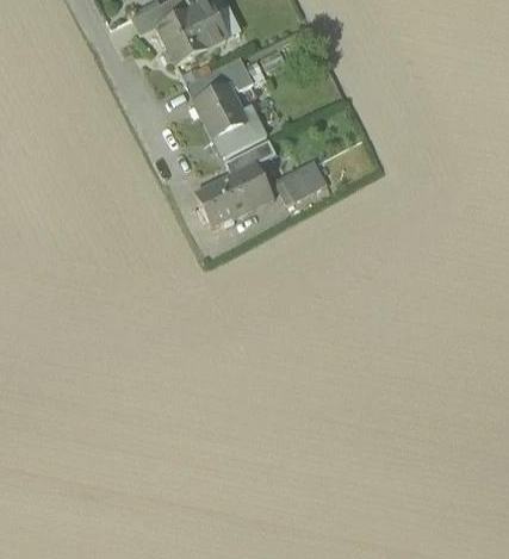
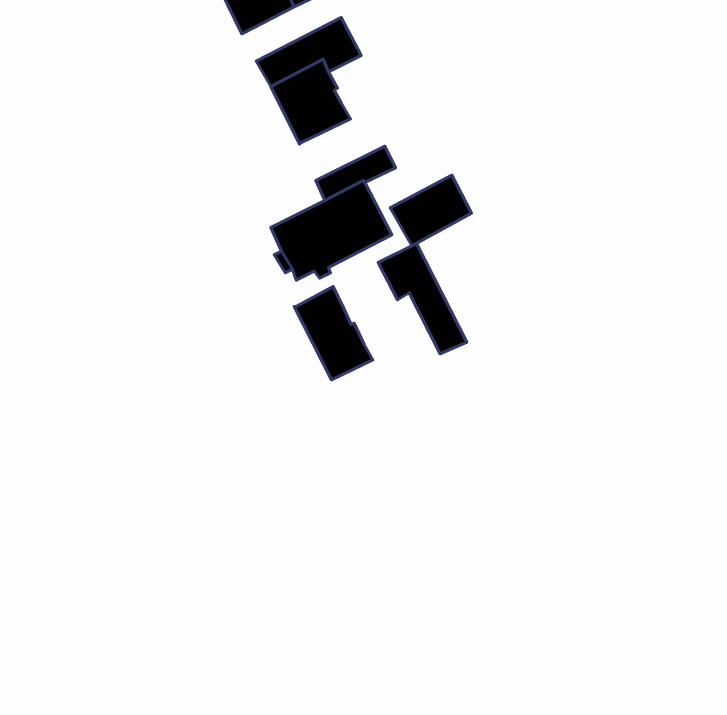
building: [215,105,267,156] -> none
building: none -> [378,243,467,354]
building: none -> [294,287,373,380]

